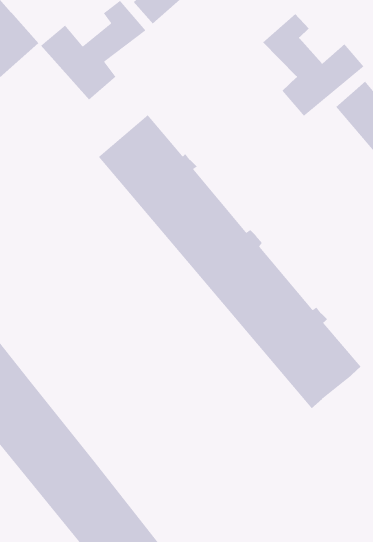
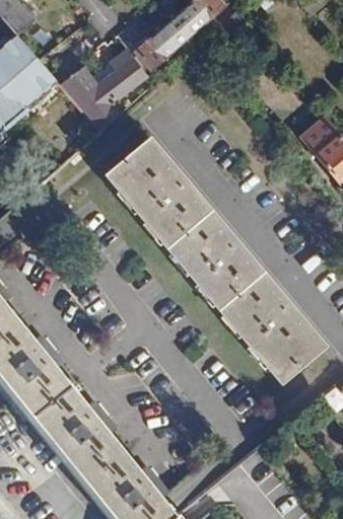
building: [262,13,365,117] -> none

